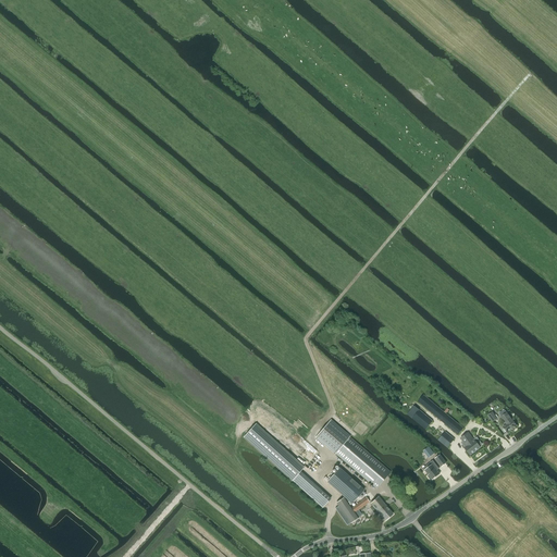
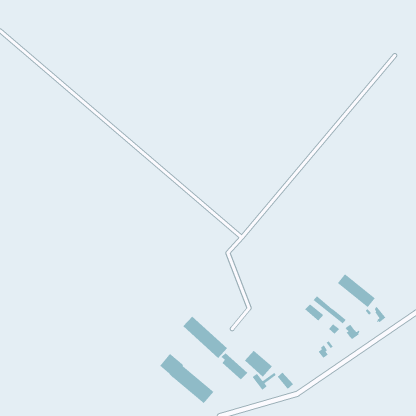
building: none -> [337,273,376,308]
building: [315,419,389,487] -> [159,353,215,404]

